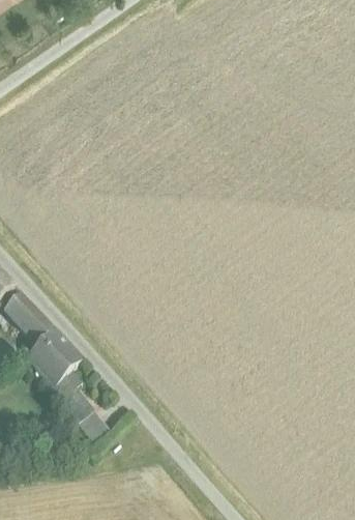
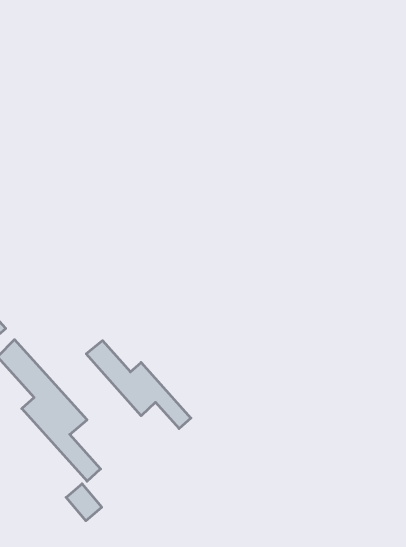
building: none -> [86,341,191,429]

